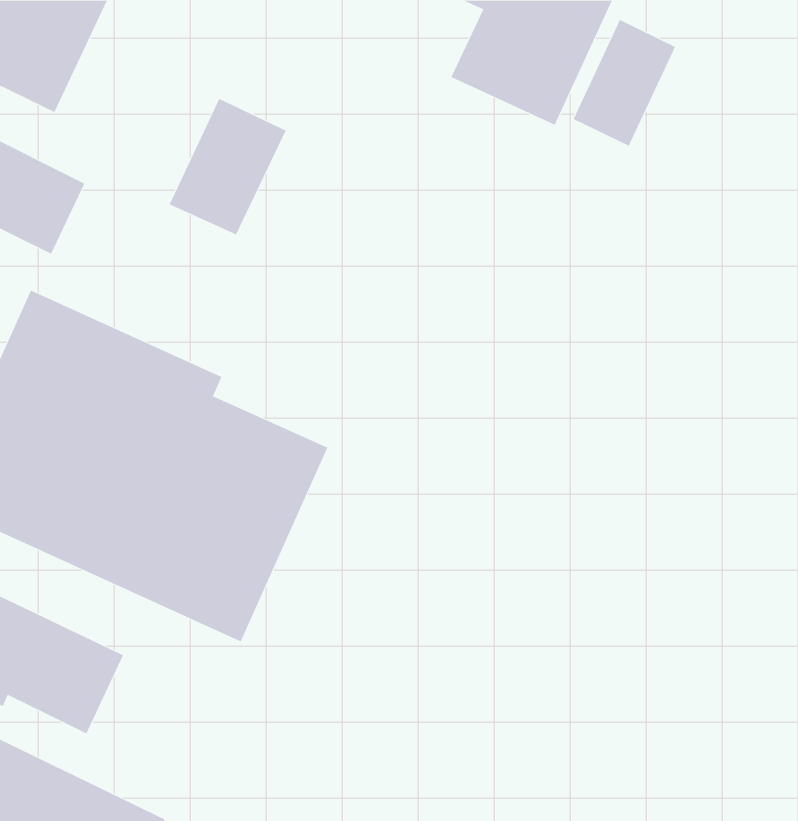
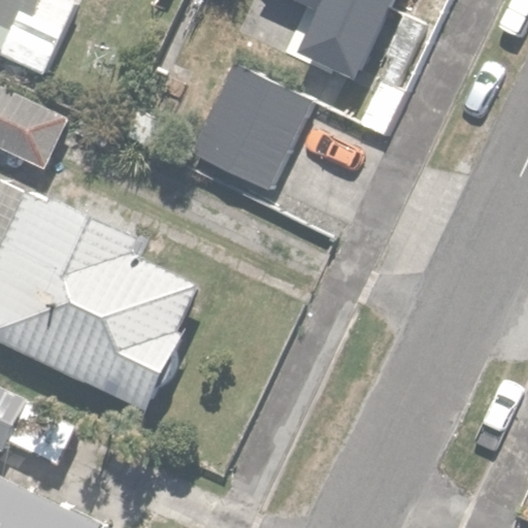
building: none -> [186,61,310,193]

